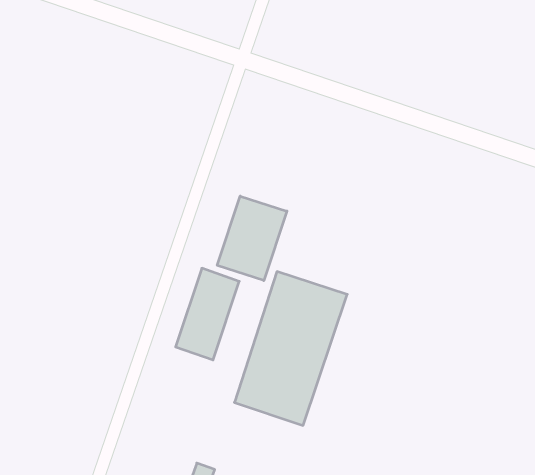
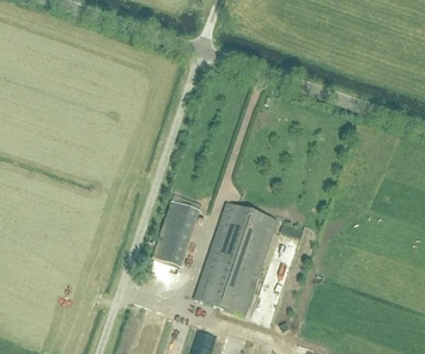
building: [217,196,287,281] -> none

